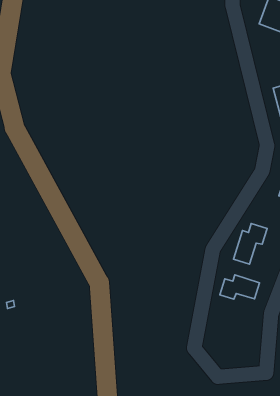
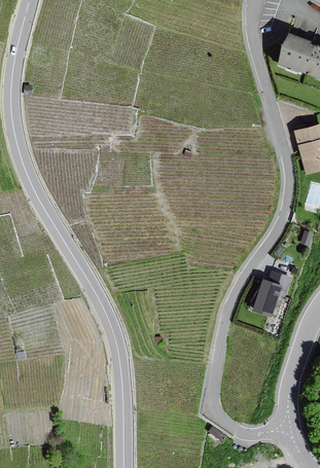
building: [220,275,260,299] -> none

